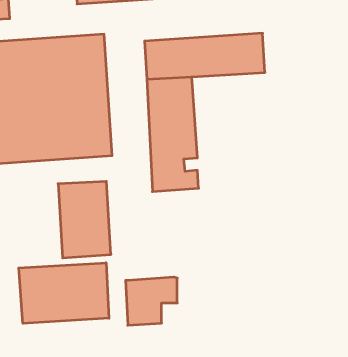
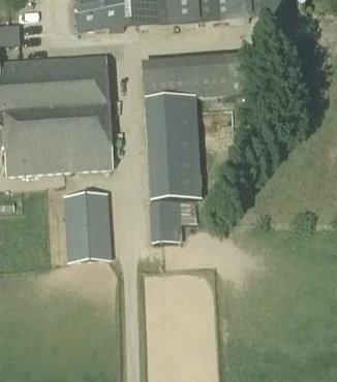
building: [19,263,109,323] -> none
building: [126,277,177,325] -> [148,197,195,242]

